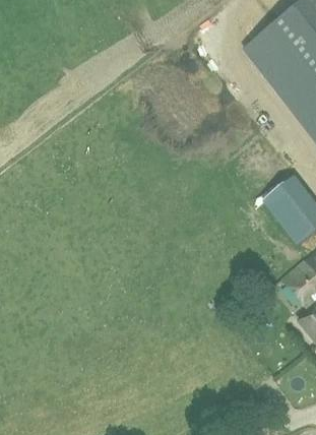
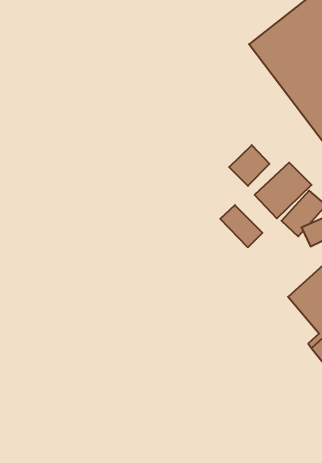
building: none -> [229,145,269,186]
building: none -> [220,205,262,247]

